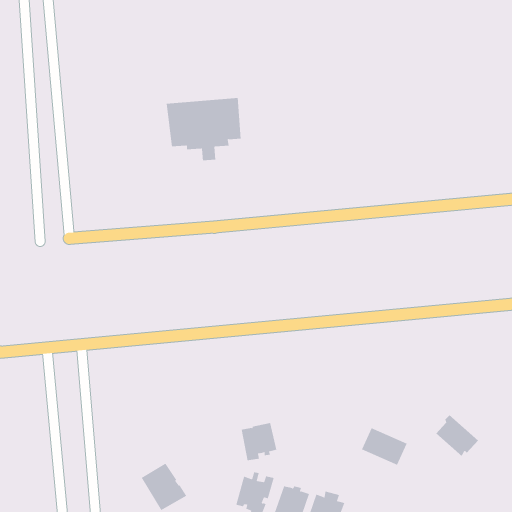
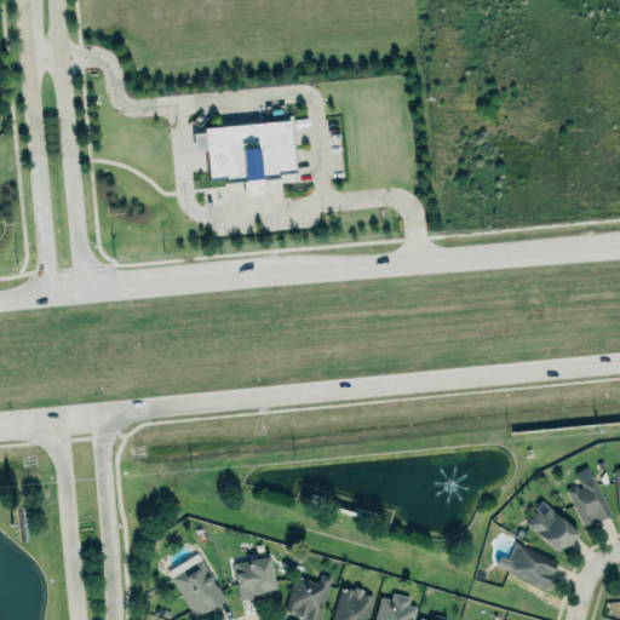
building: none -> [569,467,613,526]
building: [241,423,277,461] -> [234,555,277,601]
building: [361,427,408,466] -> [504,544,559,590]

